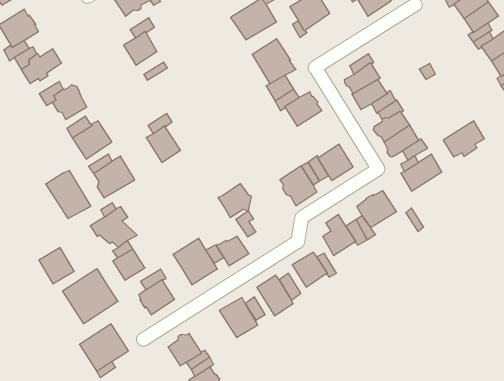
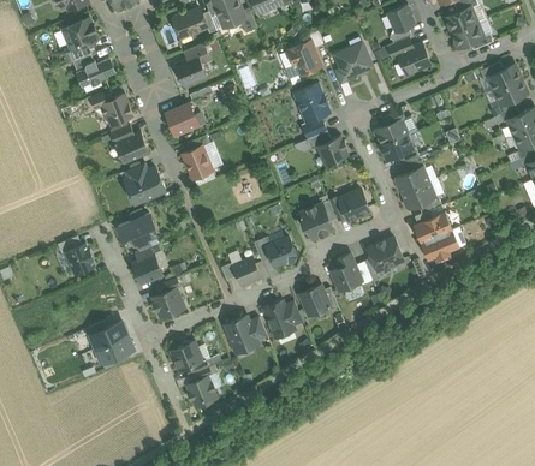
building: none -> [165,103,197,135]
building: [443,121,484,157] -> [420,229,458,261]
building: [46,170,91,219] -> none
building: [218,184,251,218] -> [264,237,296,267]
building: [173,238,217,285] -> none
building: [63,269,118,324] -> none

